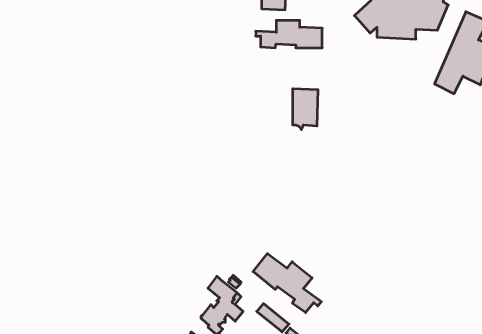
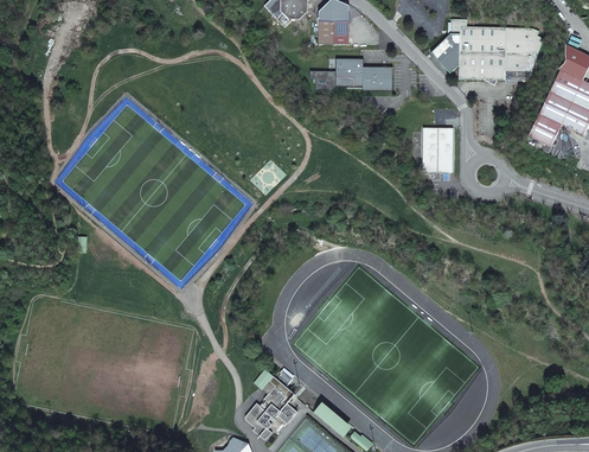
building: [293,89,318,130] -> [423,128,454,178]
building: [253,254,321,313] -> none

